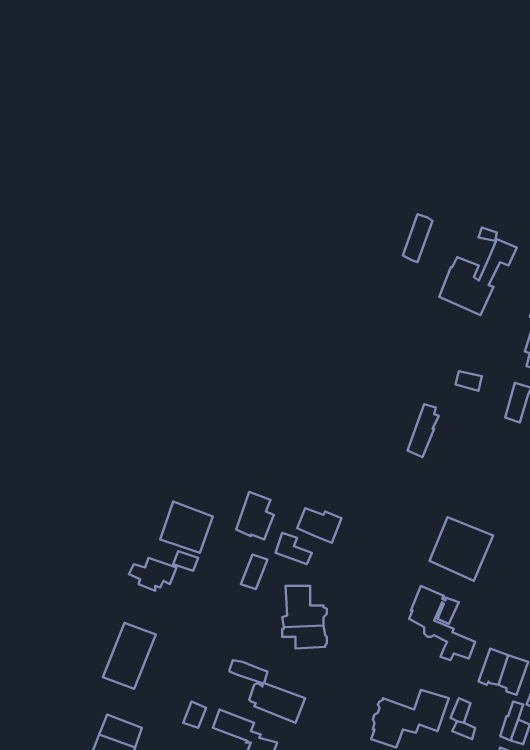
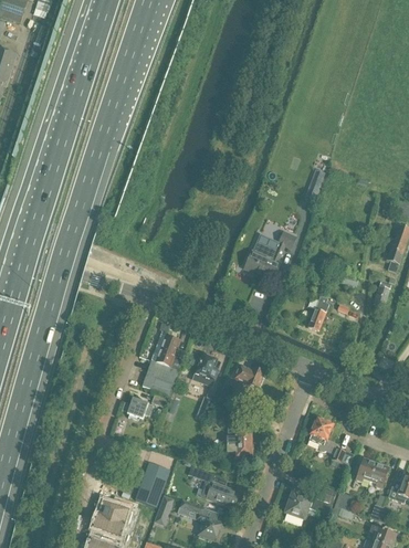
building: [439,239,517,315] -> [243,229,295,280]
building: none -> [150,334,181,369]
building: [429,517,493,581] -> none
building: [103,623,156,689] -> [134,461,169,505]

